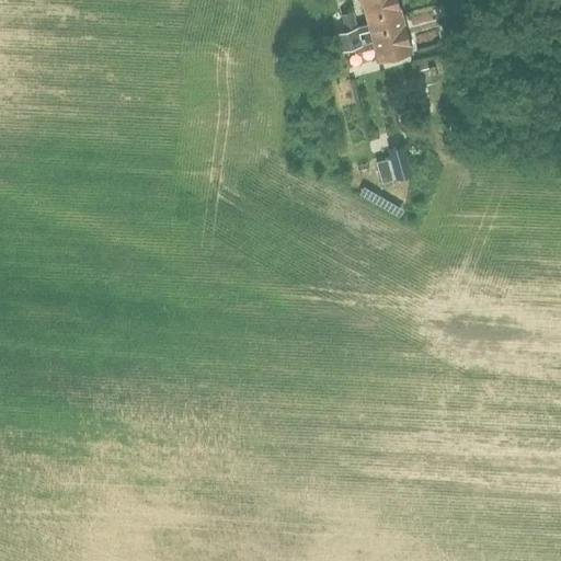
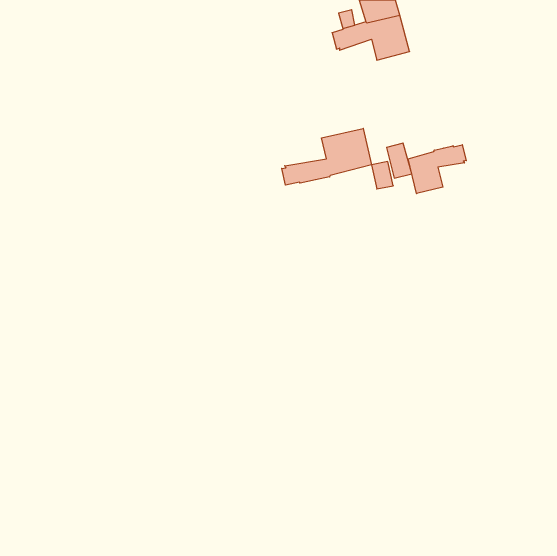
building: none -> [282,128,371,185]
building: none -> [408,145,466,194]

